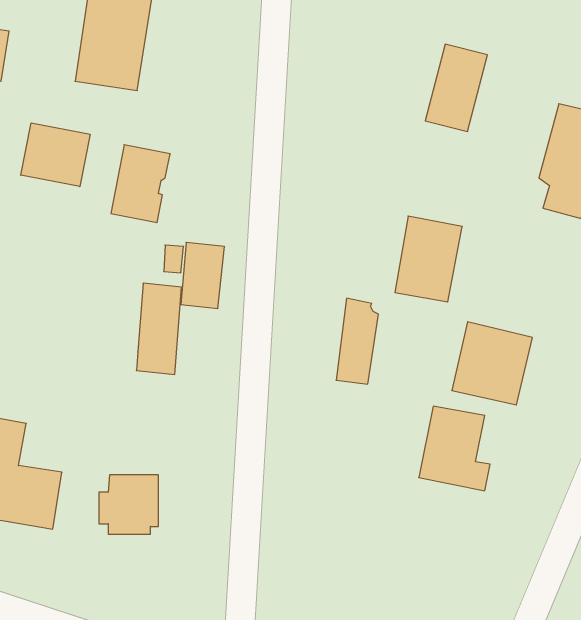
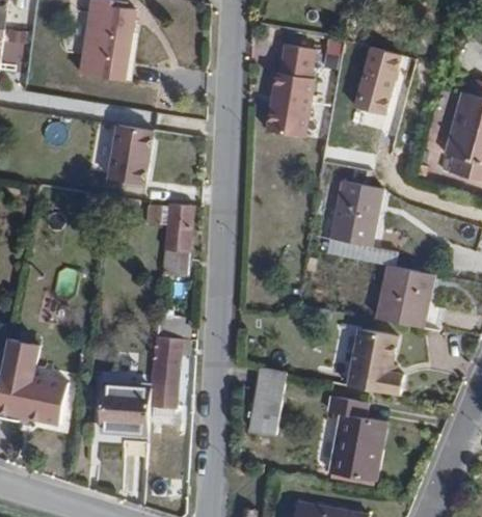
building: none -> [267,44,319,138]
building: [21,123,90,187] -> none
building: [136,283,181,374] -> [150,335,185,407]
building: [336,298,378,384] -> [249,364,283,432]
building: none -> [327,396,385,482]

